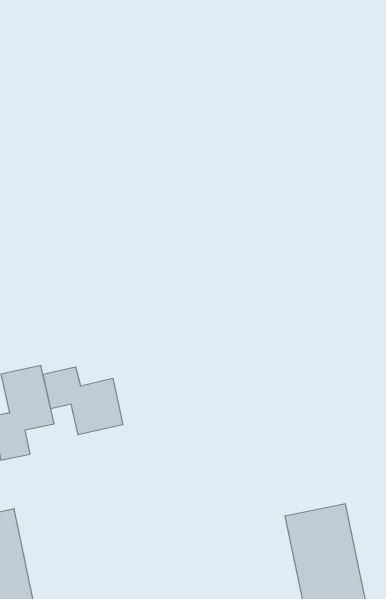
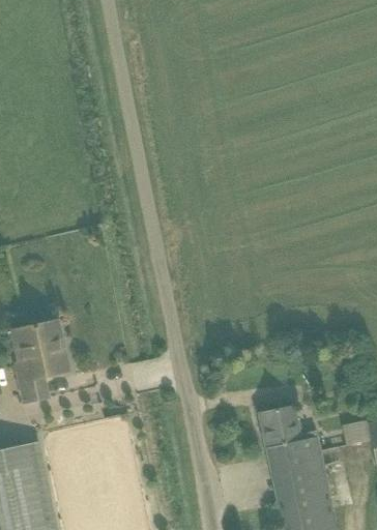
building: [43,367,123,435] -> none
building: none -> [260,407,319,450]

